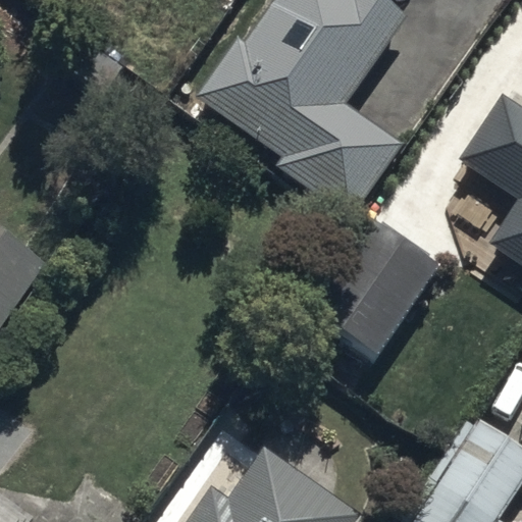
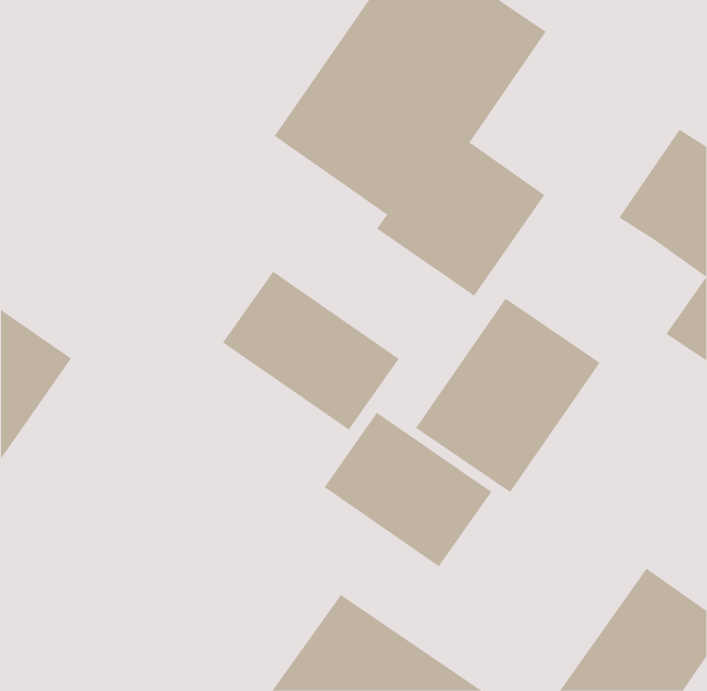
building: none -> [222,271,400,430]
building: none -> [324,412,492,567]

